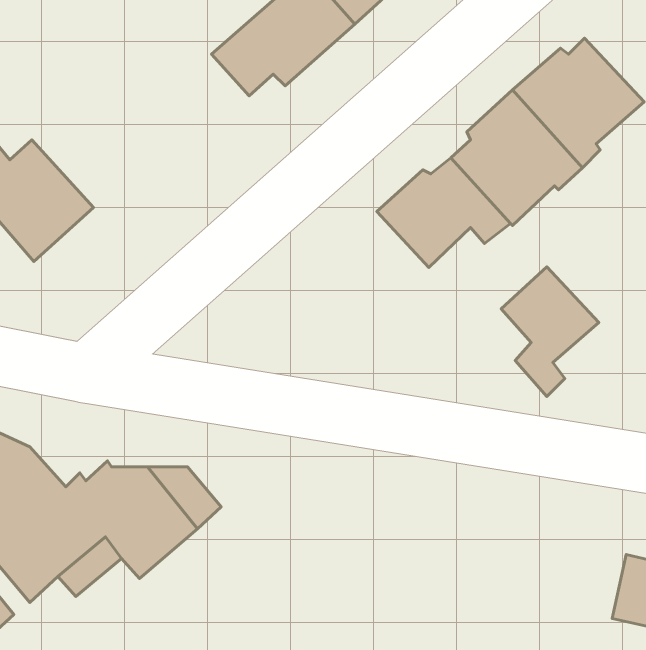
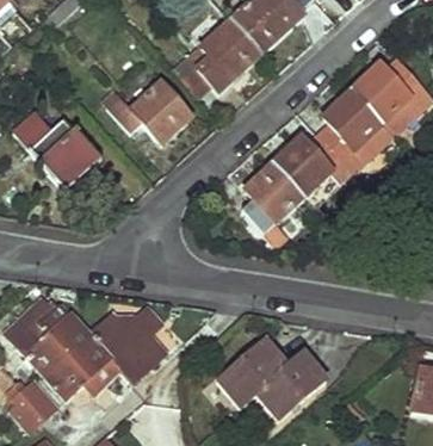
building: none -> [100,83,187,142]
building: [501,267,599,396] -> [243,165,302,242]
building: none -> [217,340,326,421]

